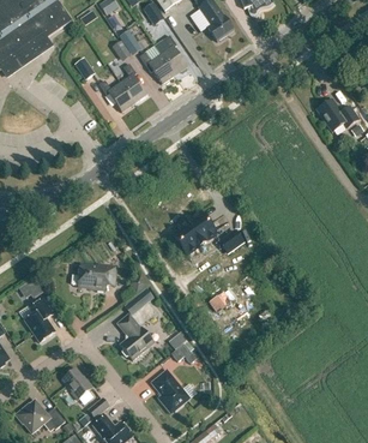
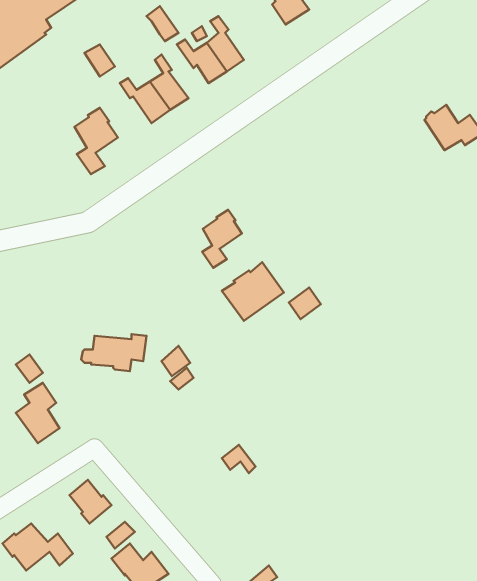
building: none -> [75,108,118,174]
building: none -> [202,210,242,268]
building: [117,312,153,359] -> none
building: [151,369,191,413] -> none

